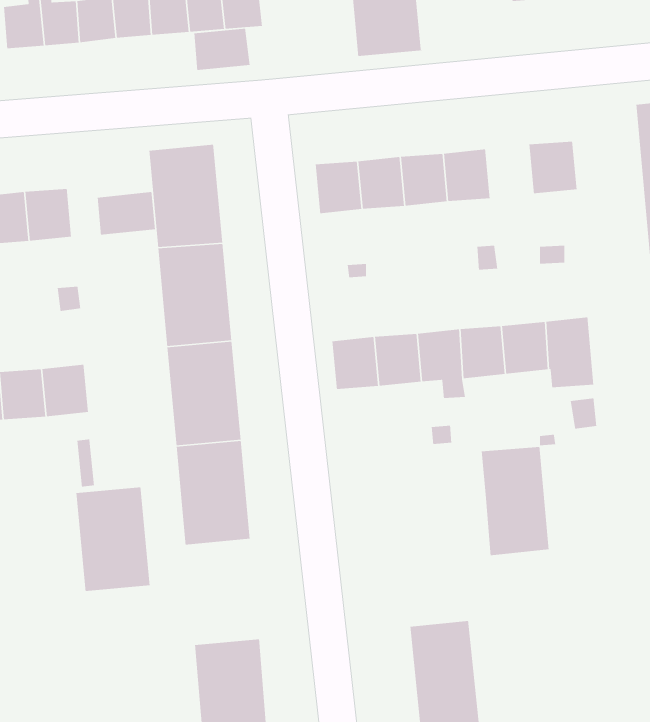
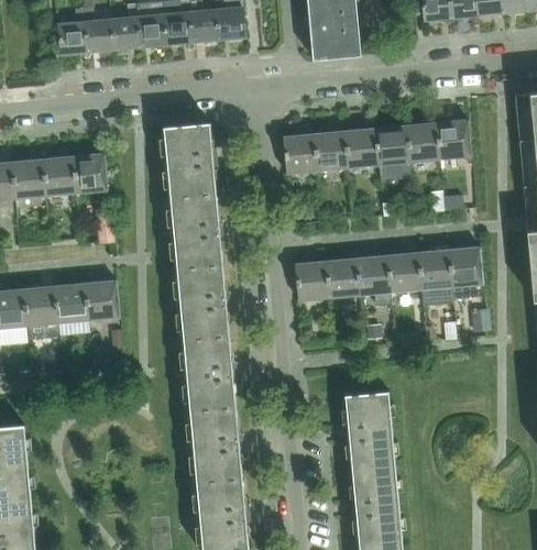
building: [193,28,250,71] -> none
building: none -> [406,122,440,162]
building: [97,191,156,236] -> none
building: [481,446,549,556] -> [344,391,394,470]
building: [76,487,150,592] -> [189,407,243,483]

